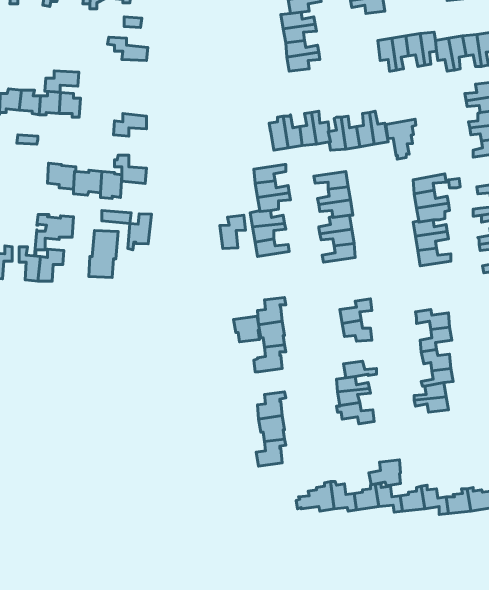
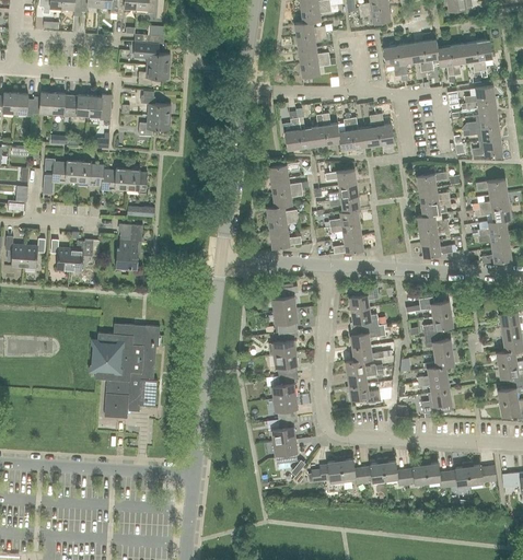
building: [45,71,79,92] -> [138,65,170,84]
building: [386,119,416,159] -> none
building: [115,155,147,183] -> [141,91,171,117]
building: [128,214,151,250] -> none
building: [35,215,73,256] -> [43,159,79,197]
building: [220,215,246,249] -> none
building: [234,316,259,342] -> [274,351,298,375]
building: none -> [92,323,160,417]
building: none -> [350,324,386,347]
building: [369,460,401,486] -> [421,389,451,413]
building: none -> [274,439,298,463]

